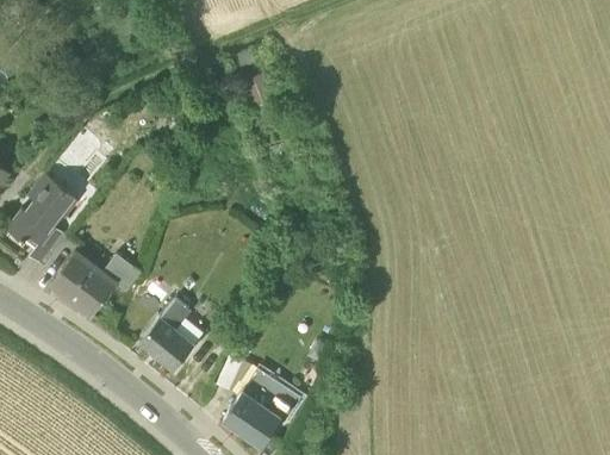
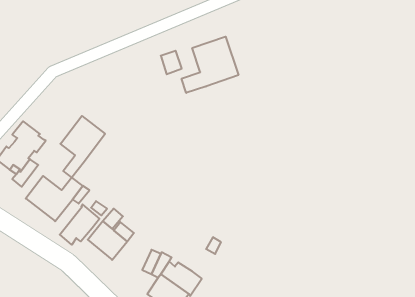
building: none -> [182,37,238,93]
building: none -> [60,116,105,178]
building: none -> [60,204,99,245]

